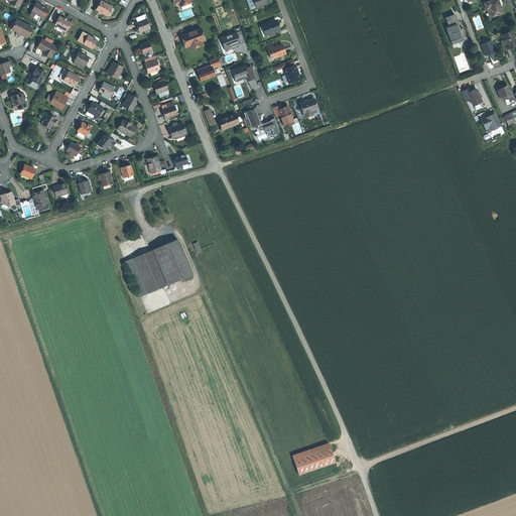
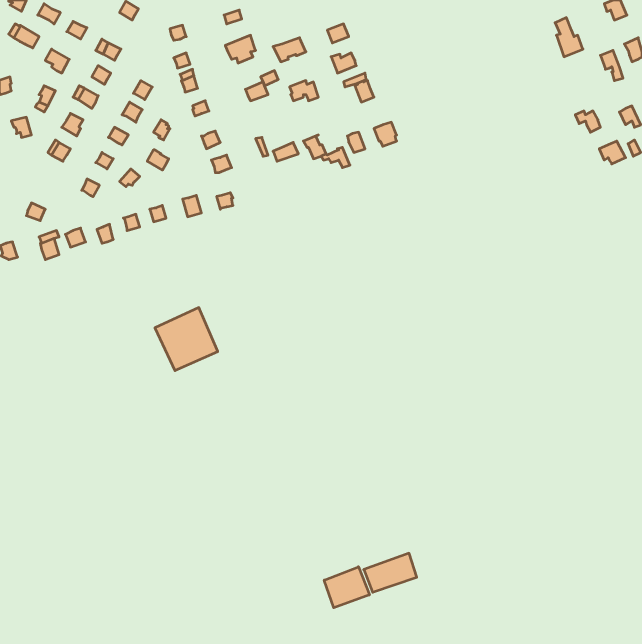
building: [159,239,191,281] -> none
building: none -> [324,567,369,608]

